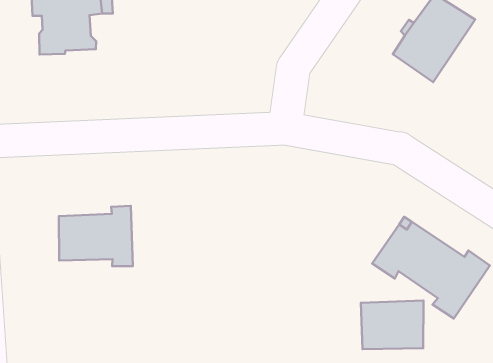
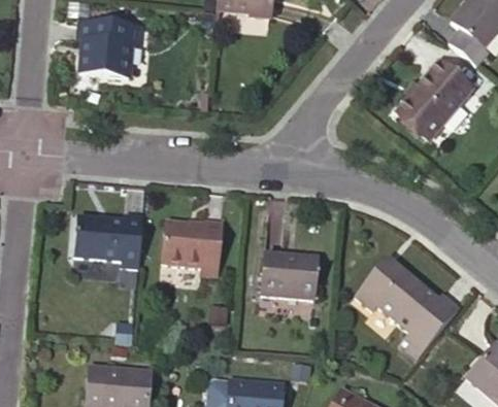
building: none -> [164,224,224,277]
building: [361,300,423,349] -> [262,255,321,301]

